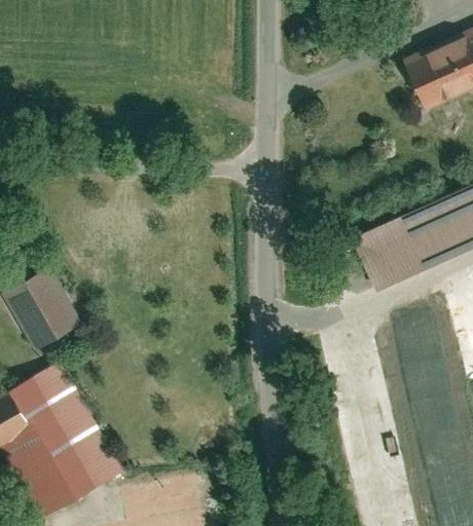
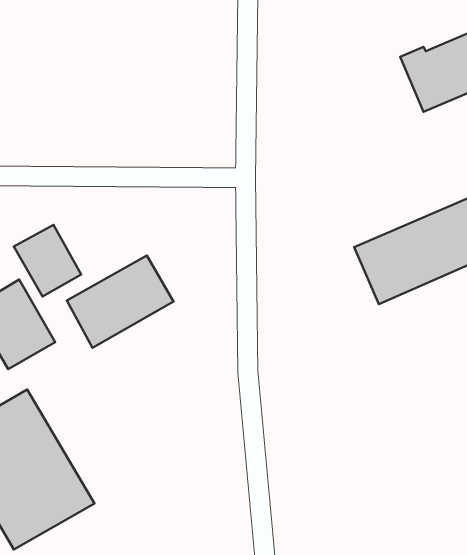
building: none -> [14,225,81,296]
building: none -> [67,255,173,348]

